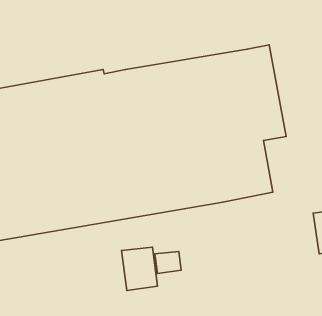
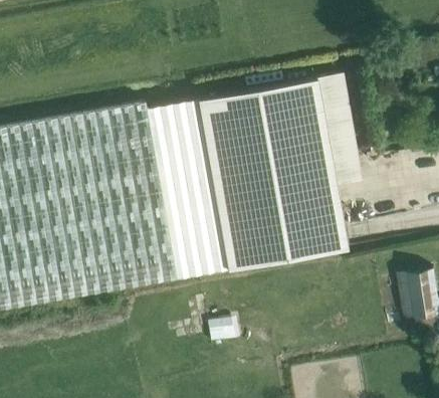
building: [122,247,157,290] -> none

